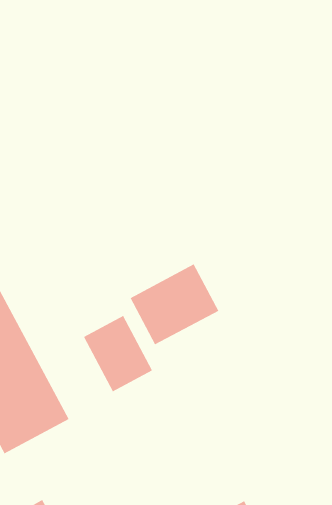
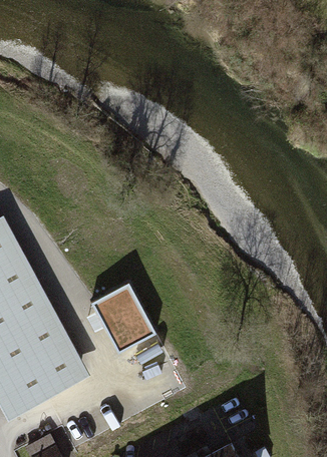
building: [130,264,219,345] -> none

